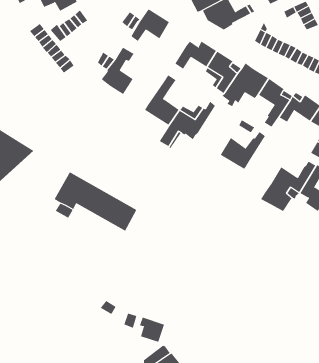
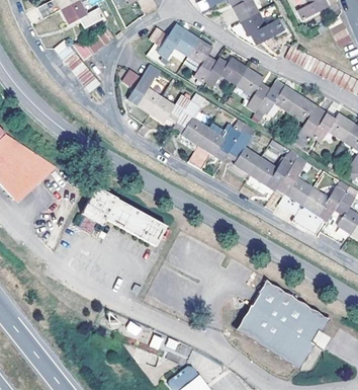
building: none -> [188,36,214,79]
building: none -> [151,92,191,122]
building: none -> [229,123,261,173]
building: none -> [277,157,312,213]
building: none -> [238,285,330,375]

